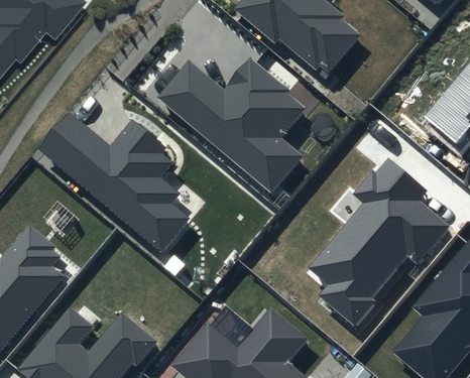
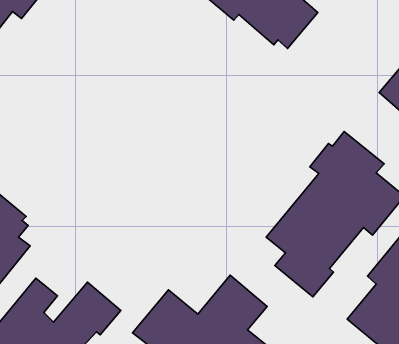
building: [158,56,305,191] -> none
building: [39,113,191,253] -> none

